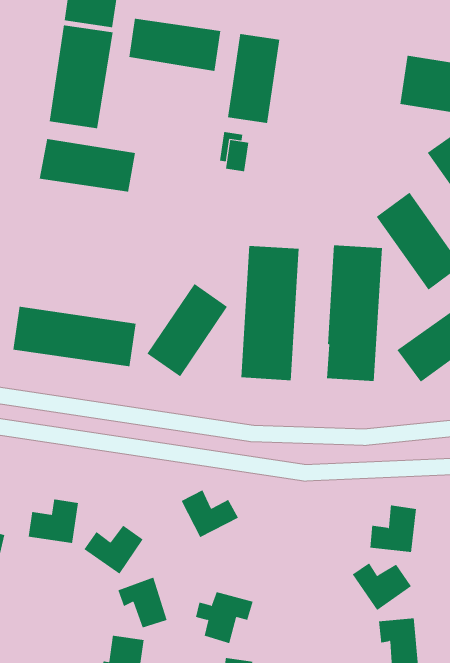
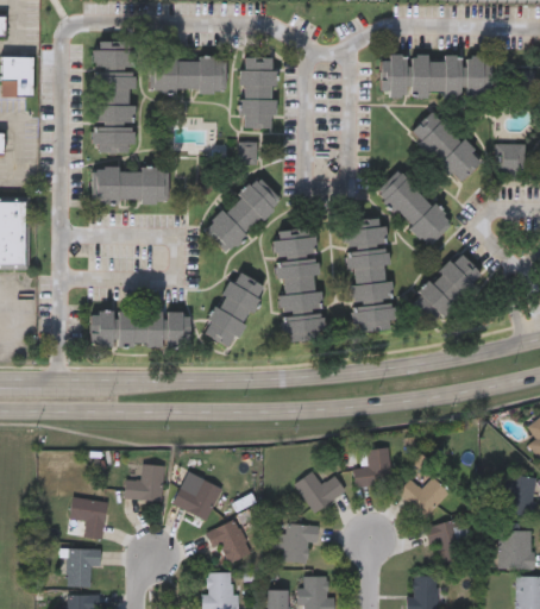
building: none -> [203,176,282,252]
building: [181,490,239,538] -> [296,471,346,511]
building: [369,505,417,553] -> [354,448,391,486]

